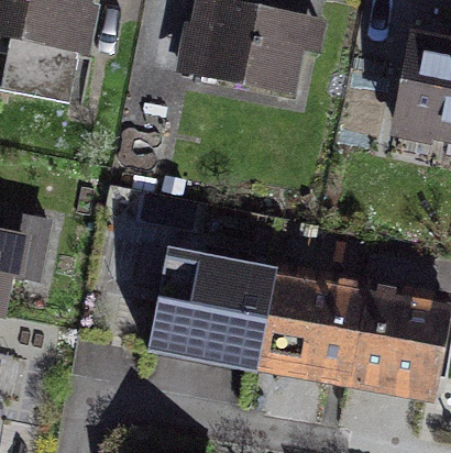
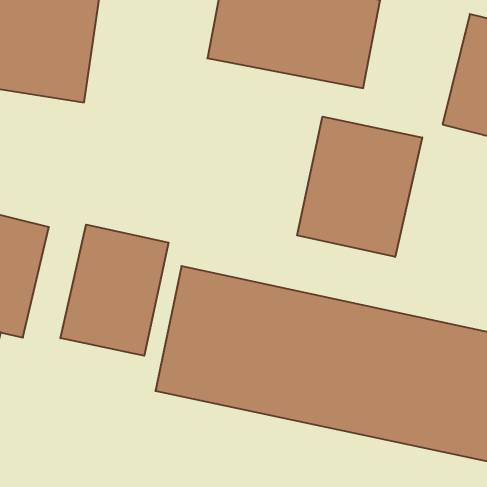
building: none -> [297,117,422,257]
building: none -> [60,225,169,356]

